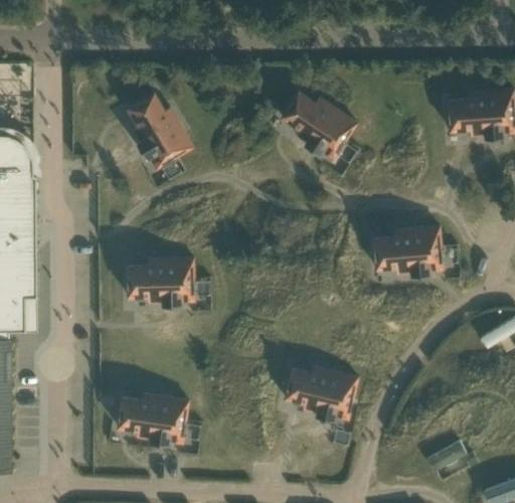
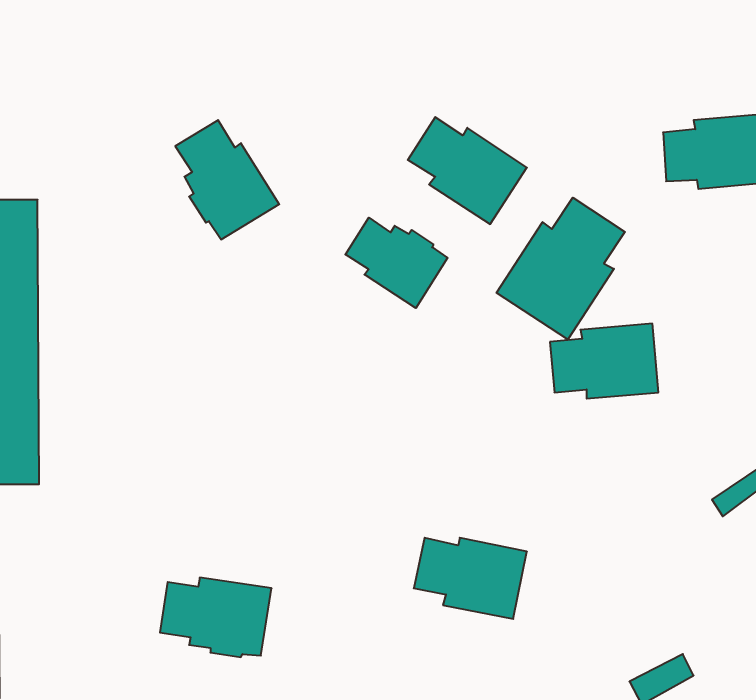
building: none -> [497,198,625,340]
building: none -> [345,218,448,308]
building: [126,255,194,301] -> none

